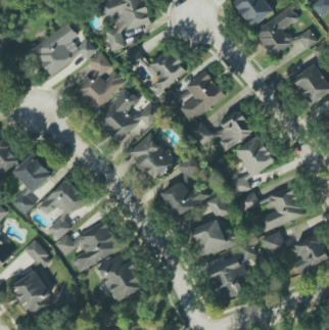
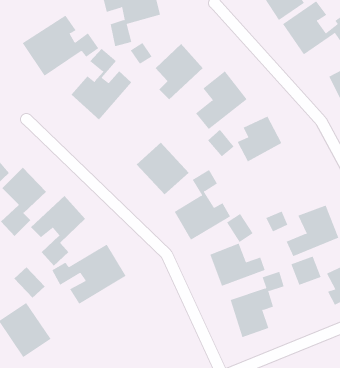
building: [95,88,159,144] -> none
building: [229,136,274,196] -> none
building: [97,252,142,302] -> none

